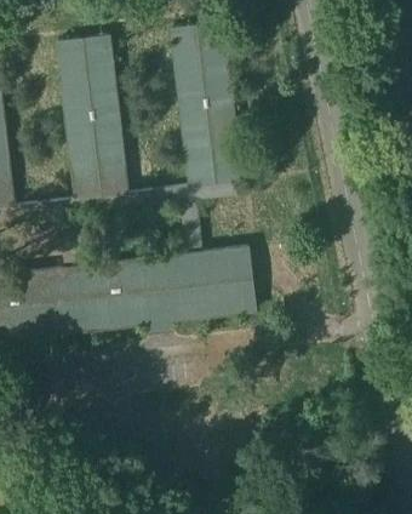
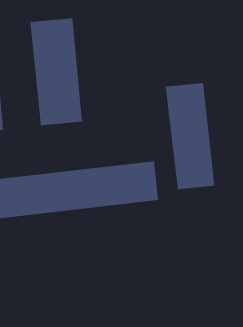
building: [167,22,242,183] -> [165,83,215,190]

